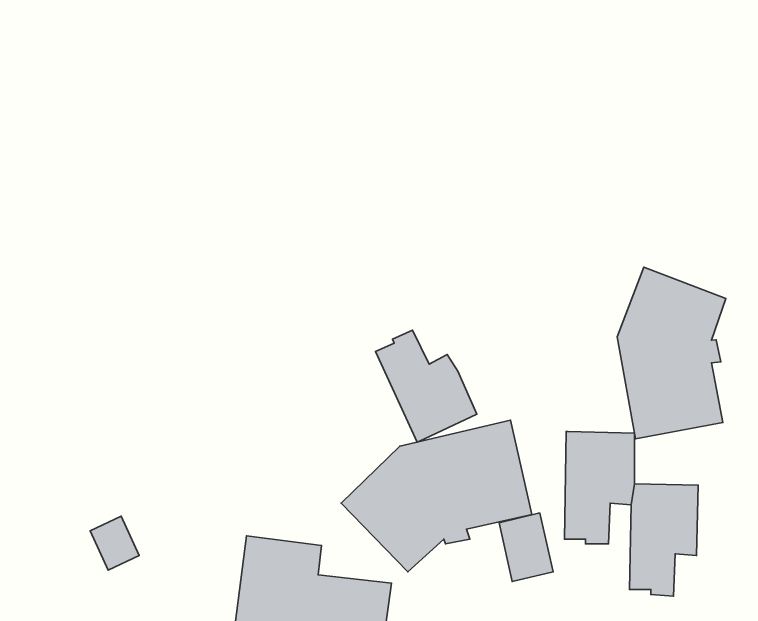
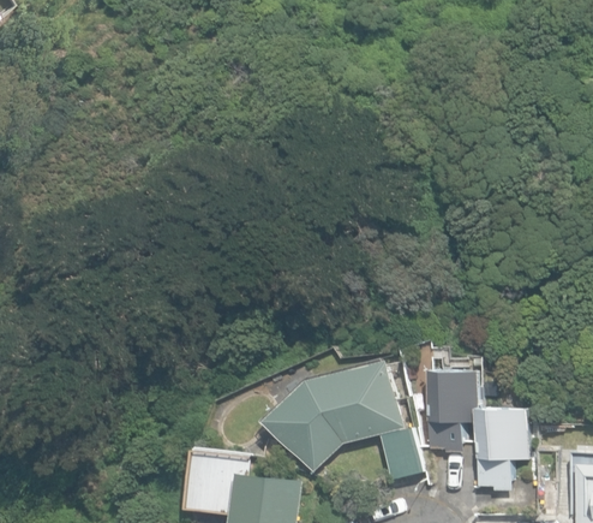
building: [617,267,726,439] -> none
building: [376,330,477,442] -> none

